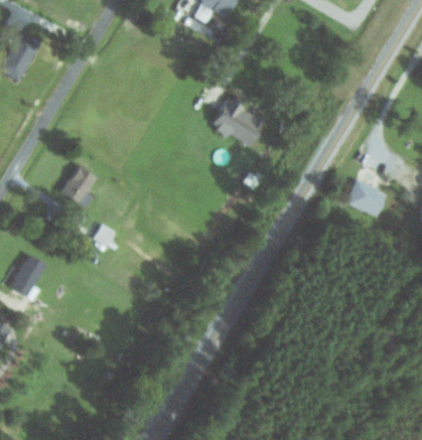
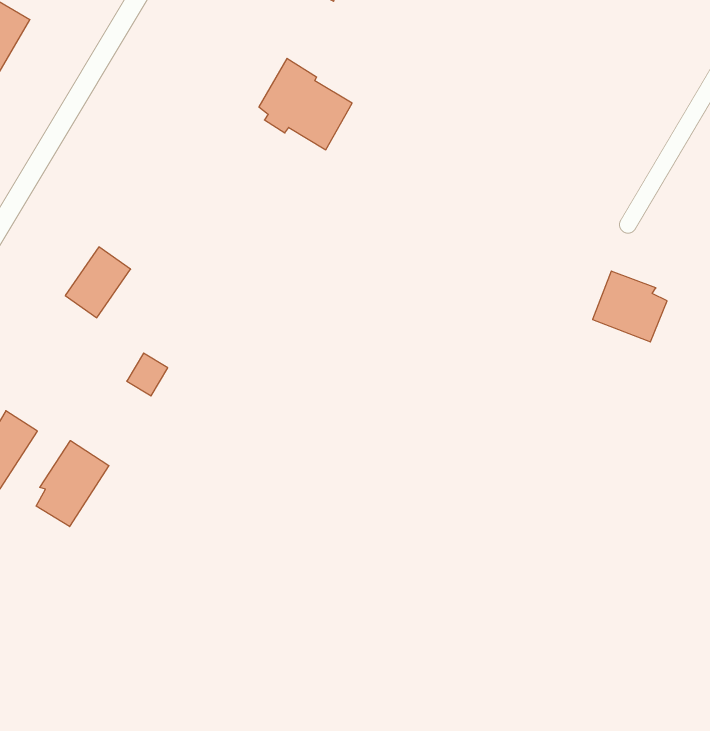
building: [213,97,263,146] -> [259,58,352,150]
building: none -> [36,441,109,527]

